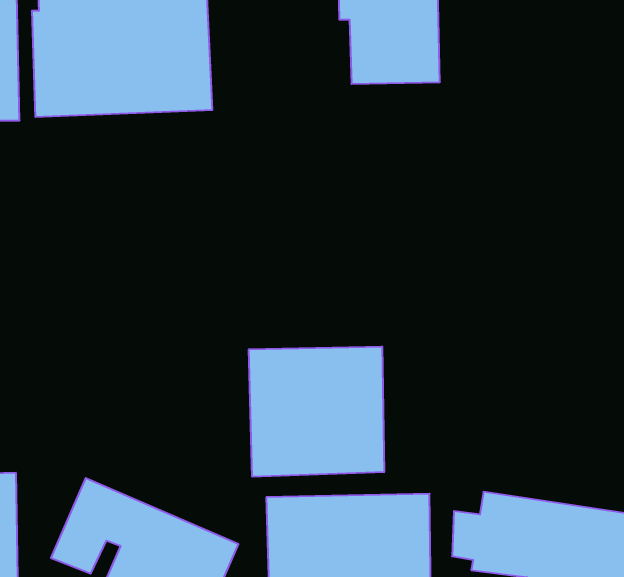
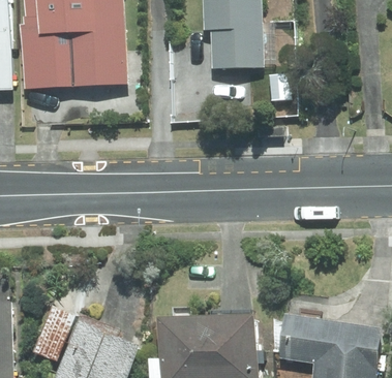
building: [249,346,384,477] -> none

